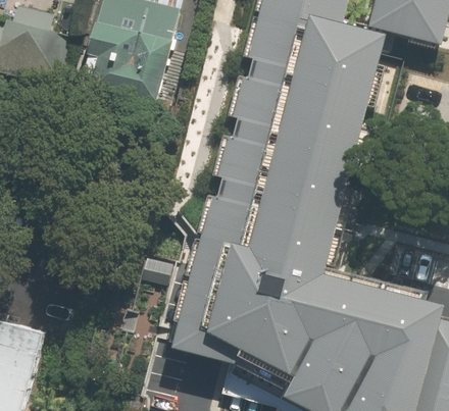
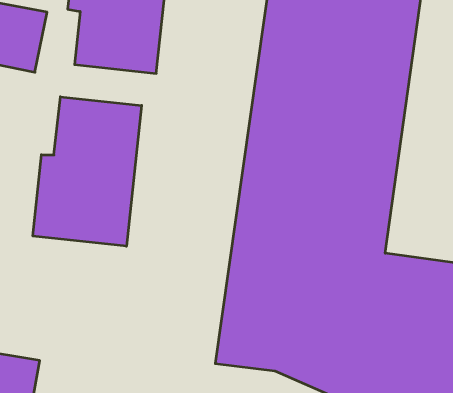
building: none -> [33,97,142,246]

